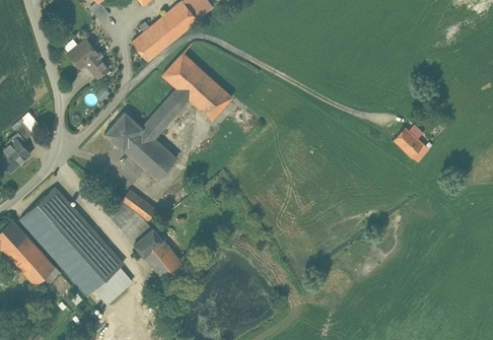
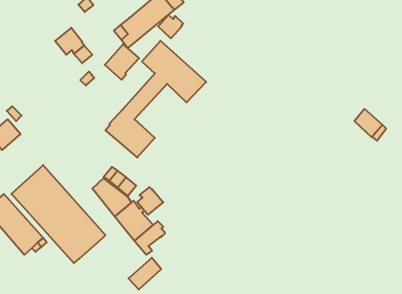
building: none -> [158,15,183,38]
building: [104,112,142,150] -> [105,44,139,80]
building: none -> [137,187,163,215]
building: [94,267,130,301] -> [128,258,161,290]

